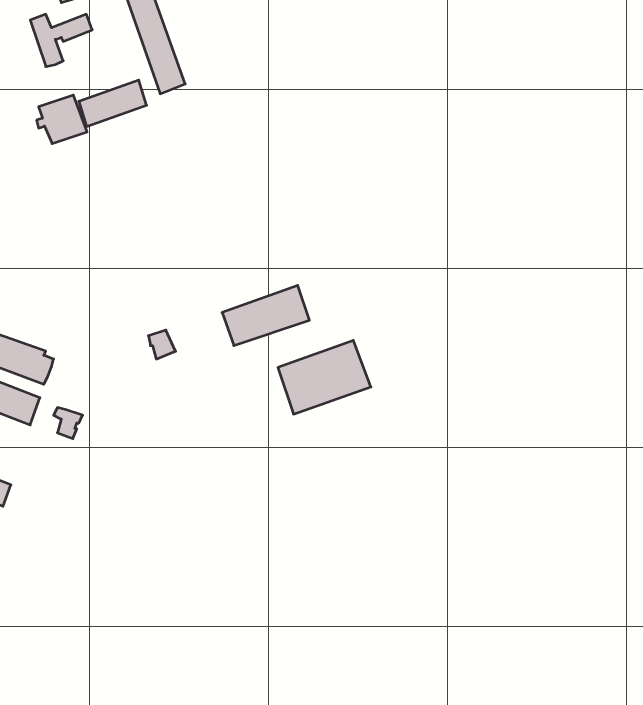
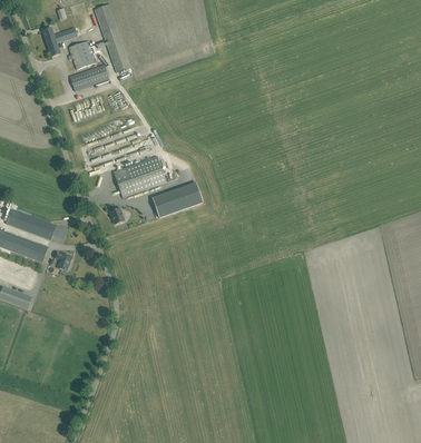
building: [37,95,87,144] -> [67,40,96,68]
building: [278,340,371,414] -> [112,155,166,197]

